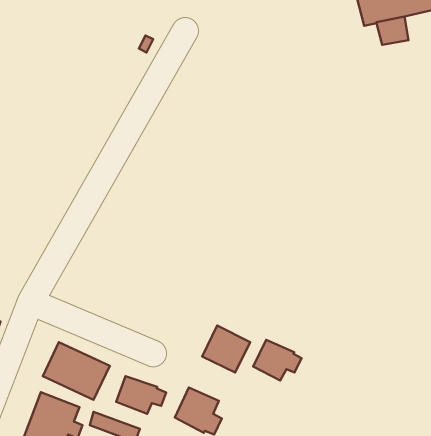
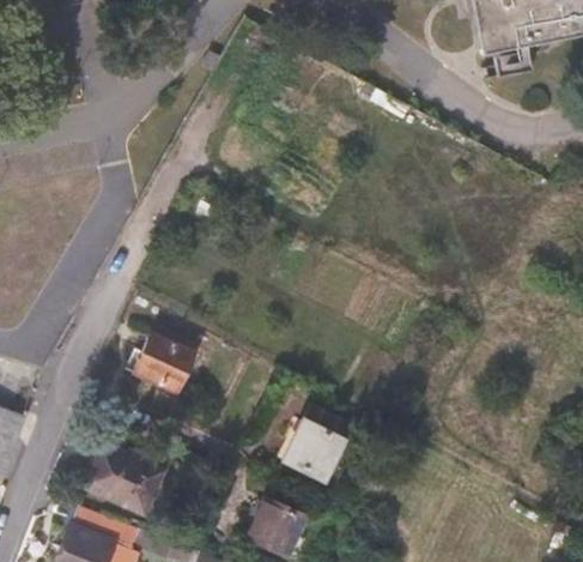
building: none -> [135,333,196,394]
building: [253,340,302,381] -> none
building: [116,376,166,414] -> none

